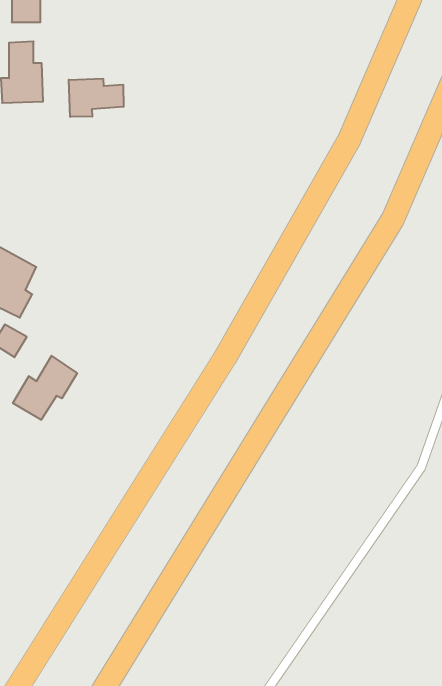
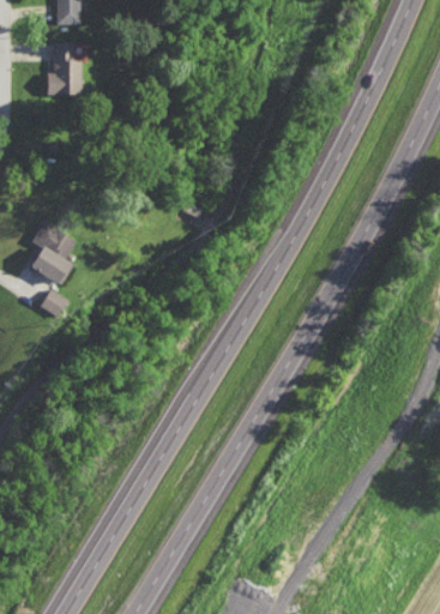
building: [69,79,123,117] -> none
building: [13,356,77,420] -> none

